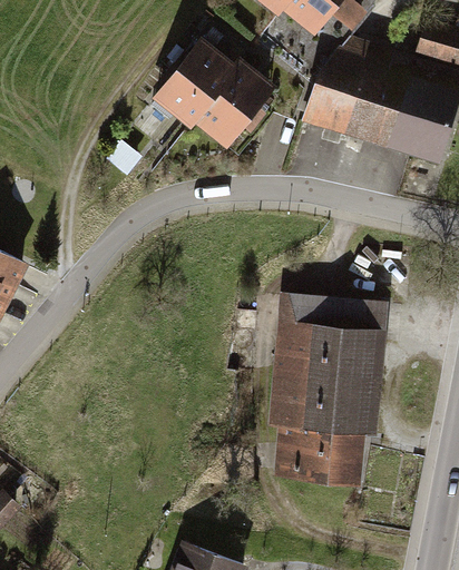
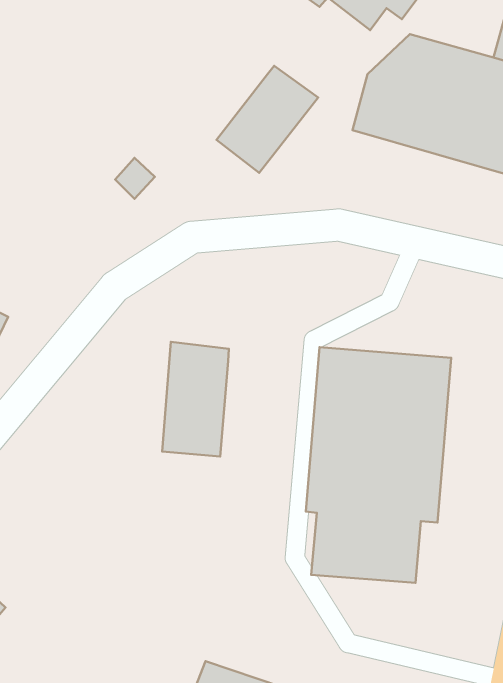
building: [156,46,236,132] -> none
building: none -> [162,342,229,456]

